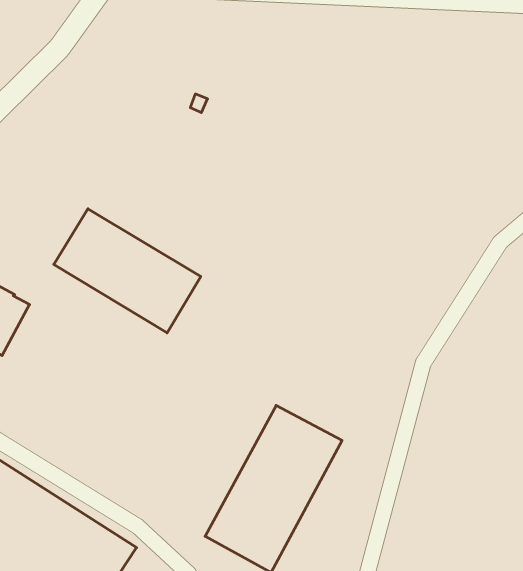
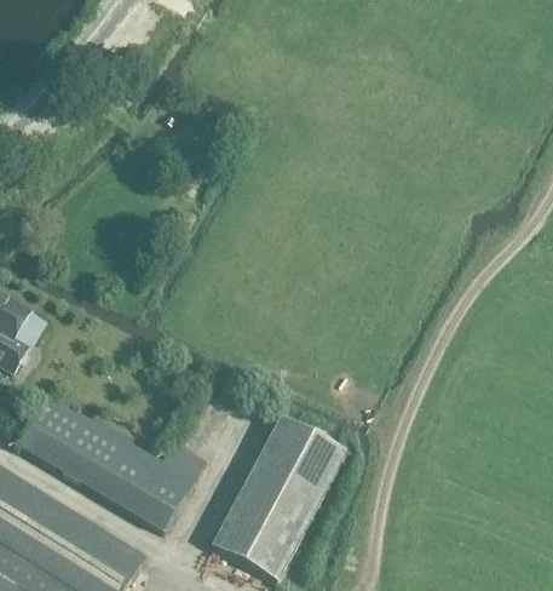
building: [54,209,201,333] -> none
building: none -> [18,392,203,530]

